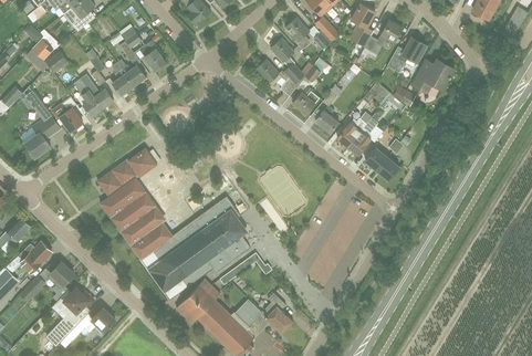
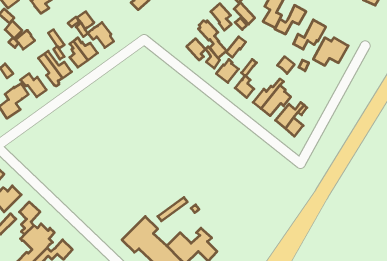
building: [97,148,250,300] -> none

